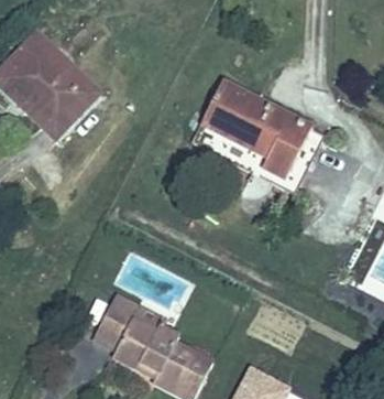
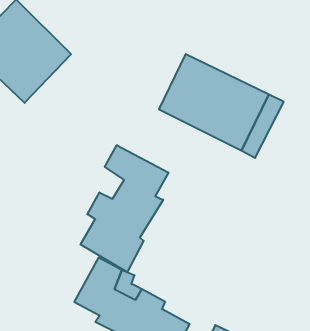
building: none -> [81,145,169,272]

